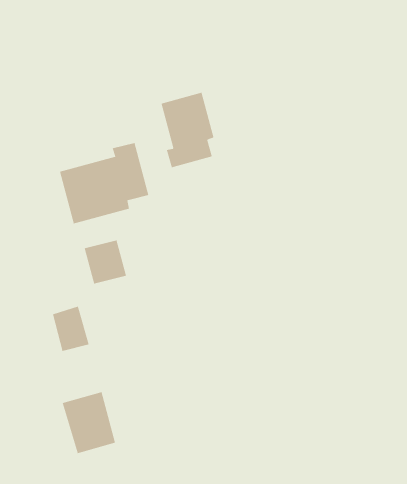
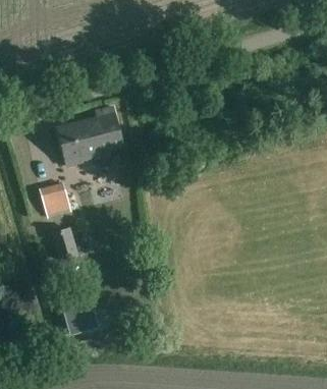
building: [161,92,214,168] -> none
building: [84,240,127,284] -> [40,181,71,214]

